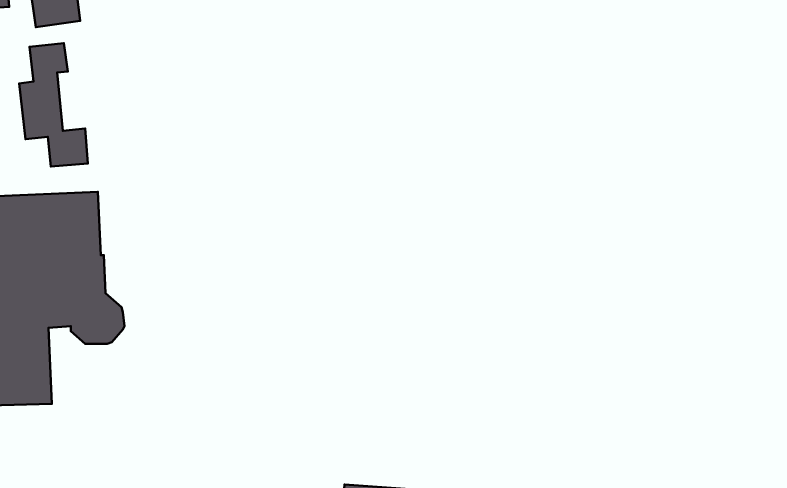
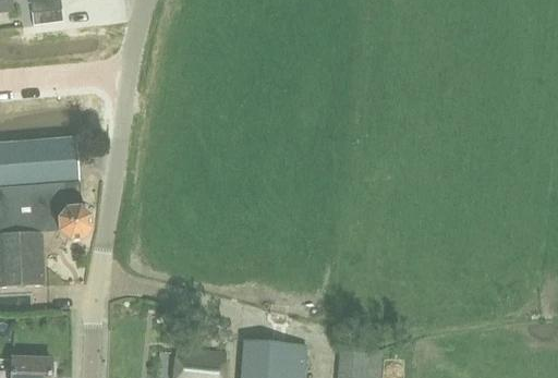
building: [19,43,88,167] -> none

